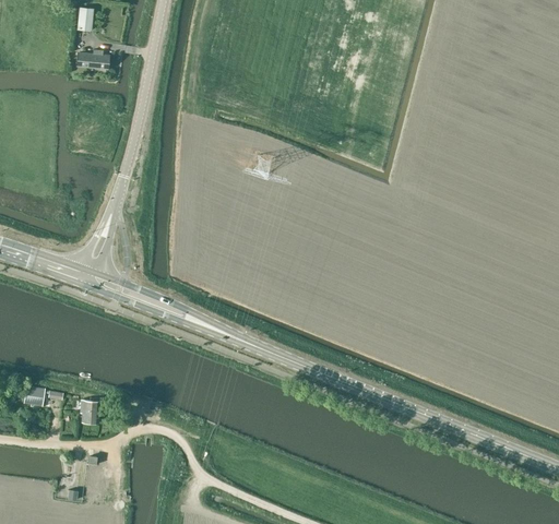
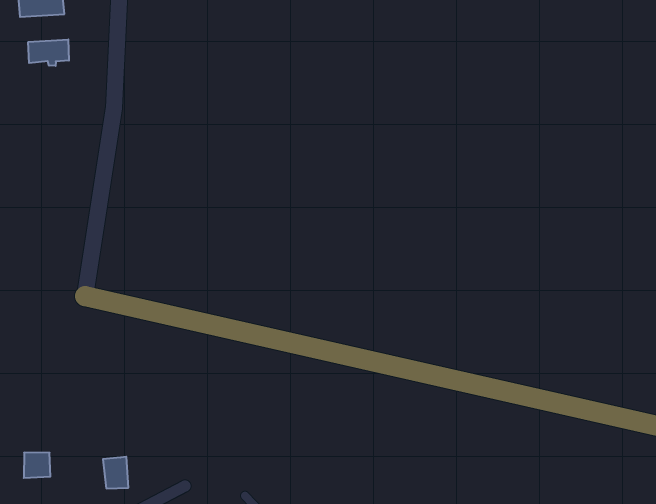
building: none -> [28,39,69,66]

